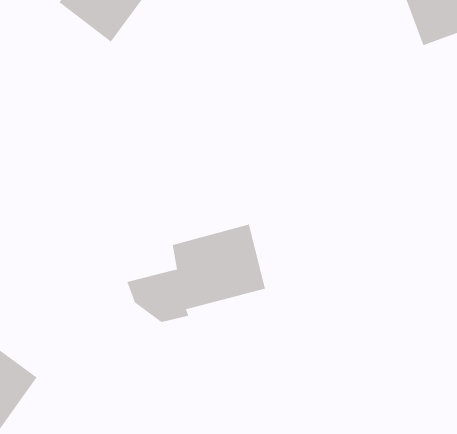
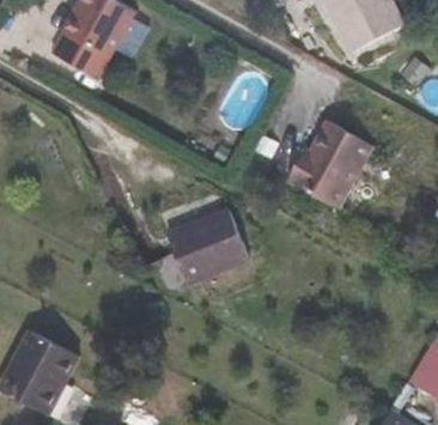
building: none -> [287,119,372,207]

